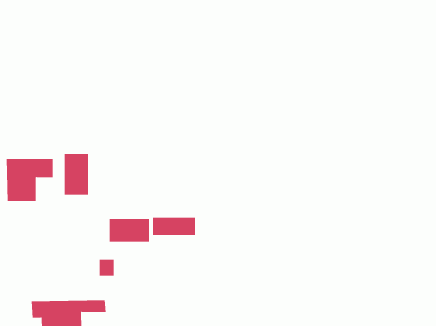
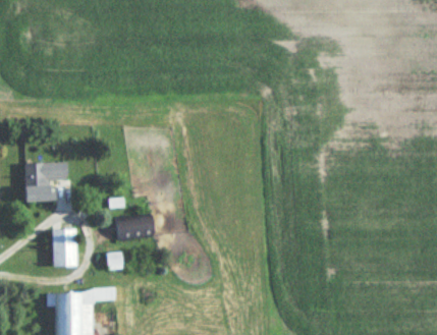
building: [64,153,89,195] -> [53,229,75,267]
building: [153,217,195,236] -> none

